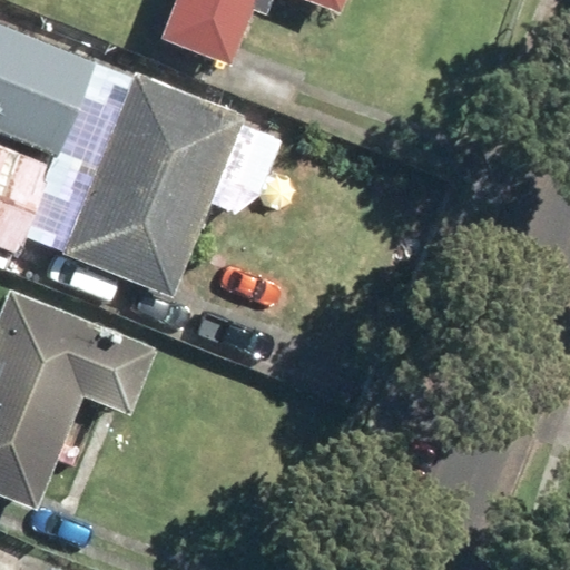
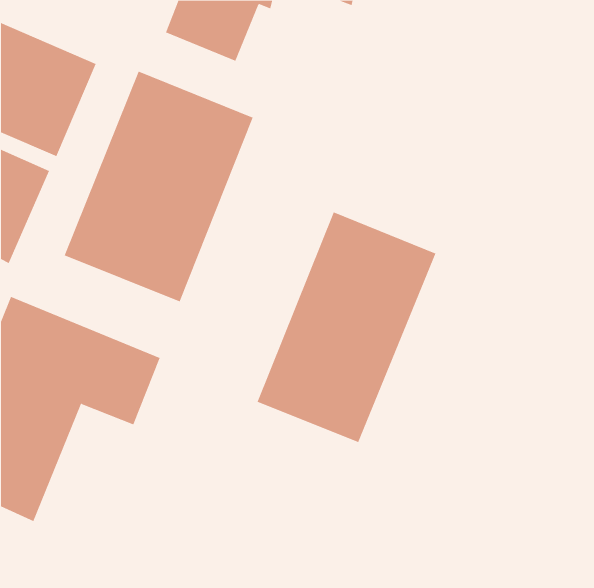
building: none -> [257,212,436,443]

